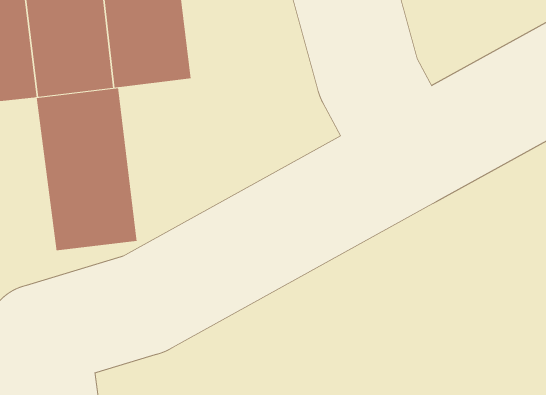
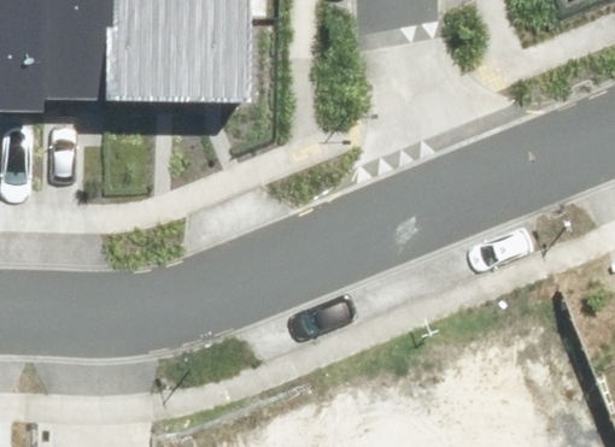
building: [36,88,137,251] -> none

